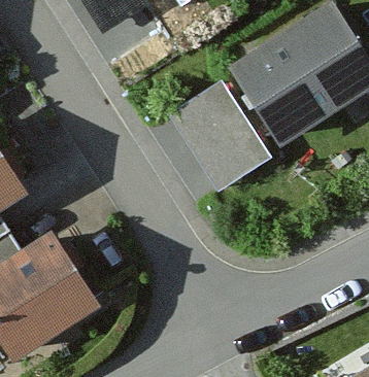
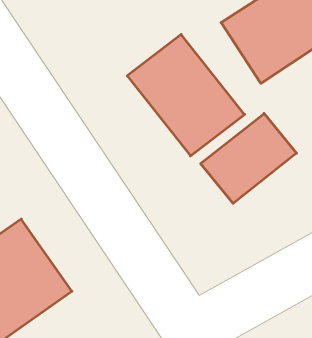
building: none -> [201,113,297,203]

